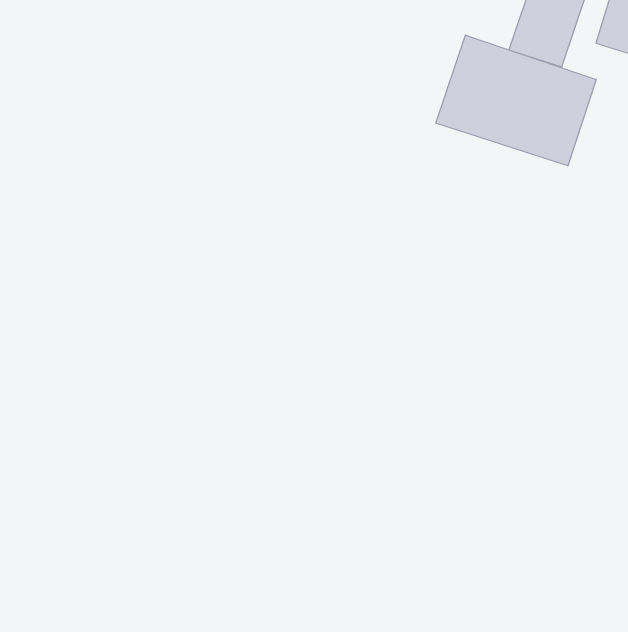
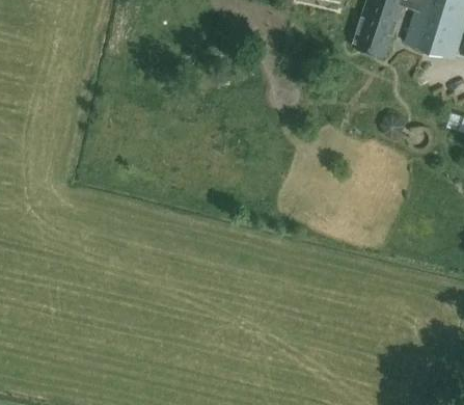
building: [436,35,596,166] -> none

